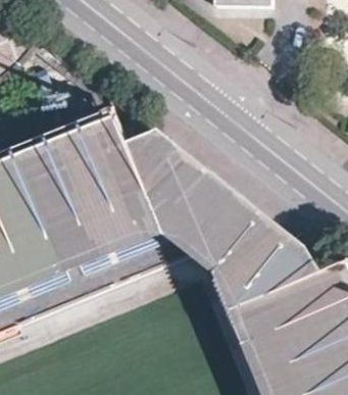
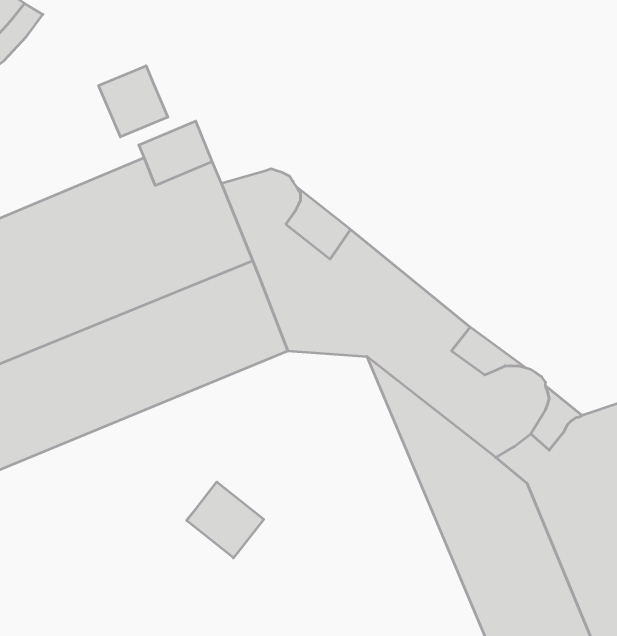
building: none -> [99,66,168,137]
building: none -> [187,482,264,558]

